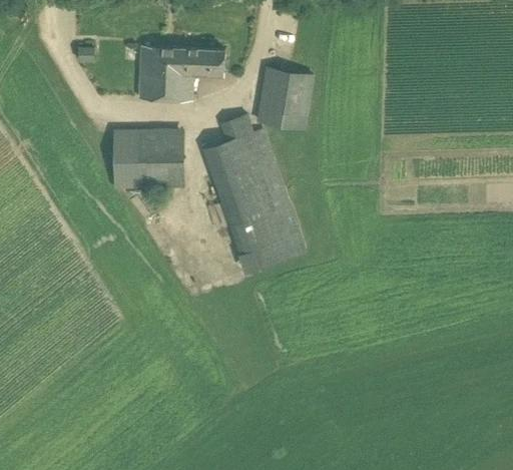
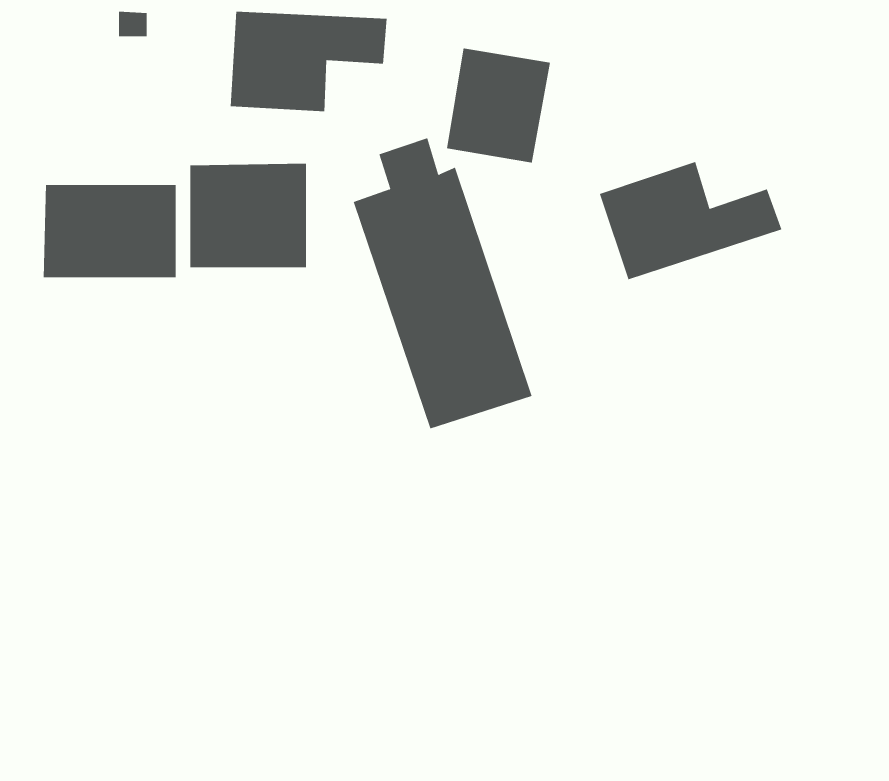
building: none -> [599,161,782,280]
building: none -> [43,184,176,278]

